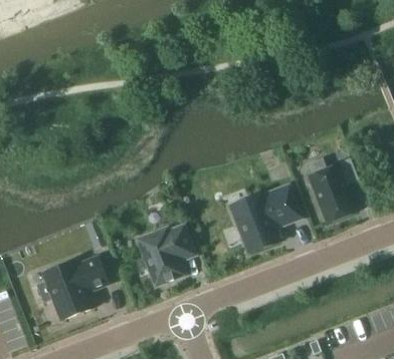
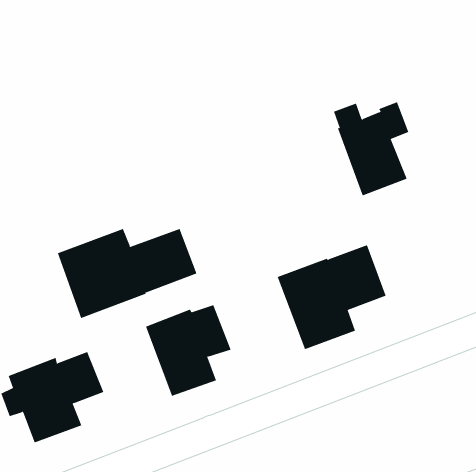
building: [305,157,357,223] -> [333,101,409,196]
building: none -> [57,228,197,319]

